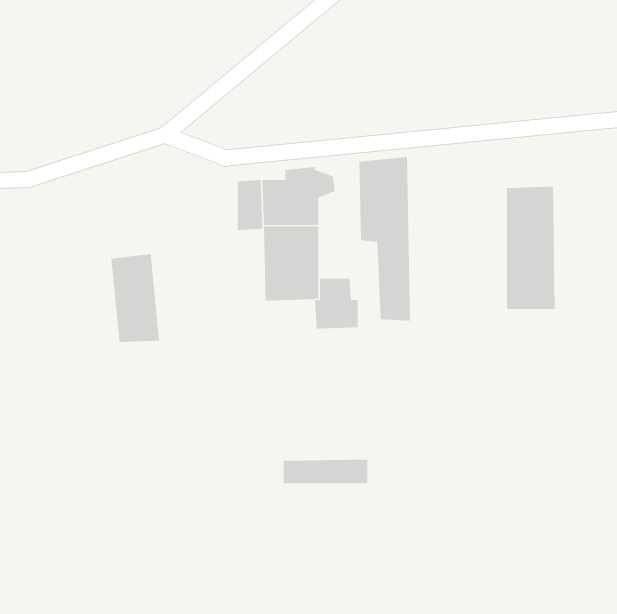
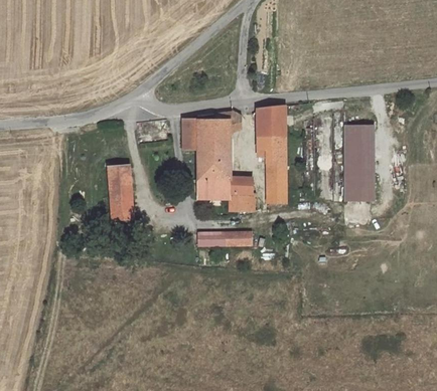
building: [283,459,368,484] -> [199,231,252,246]

